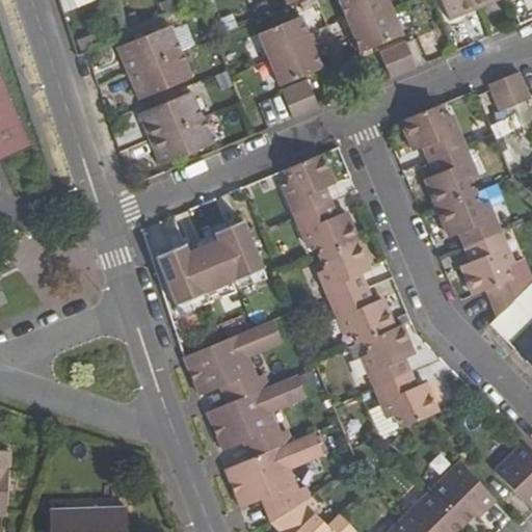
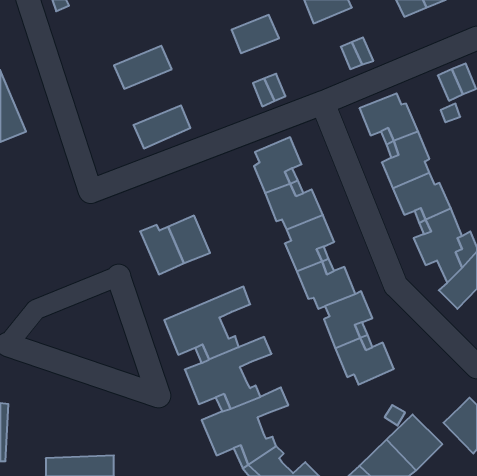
building: [349,8,402,52] -> none
building: [116,25,180,73] -> none
building: [268,43,321,85] -> none
building: [138,91,202,139] -> none
building: [216,222,263,282] -> none

